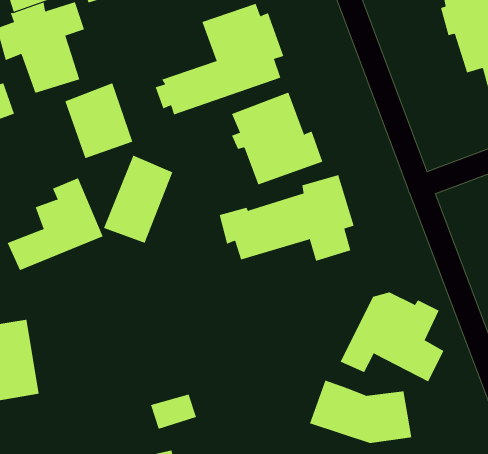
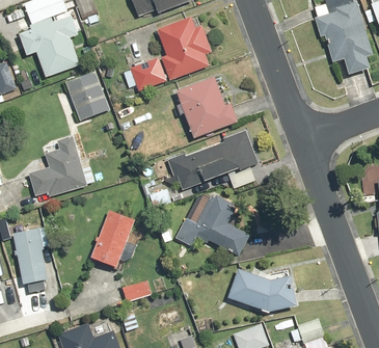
building: [103,155,173,244] -> [88,207,135,266]
building: [340,292,444,382] -> [174,191,244,251]

